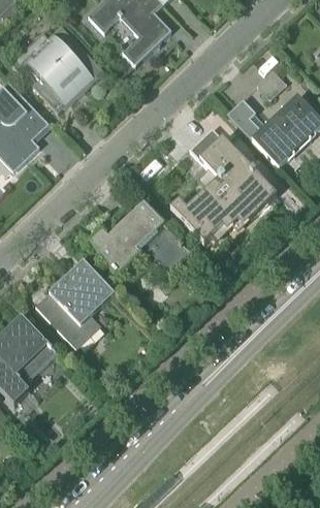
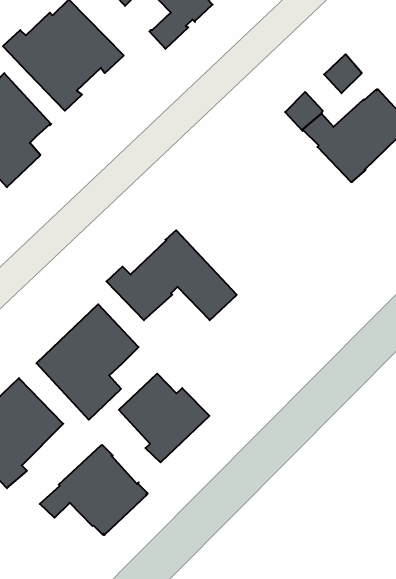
building: [169,127,276,243] -> none
building: none -> [119,374,209,462]
building: none -> [40,445,148,535]

